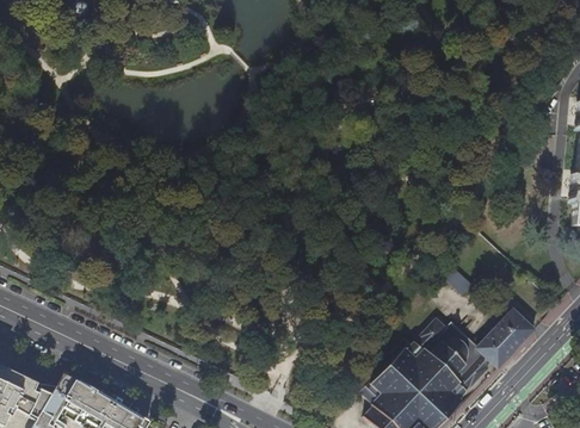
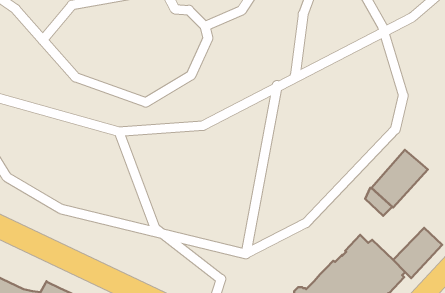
building: none -> [371,150,428,208]

